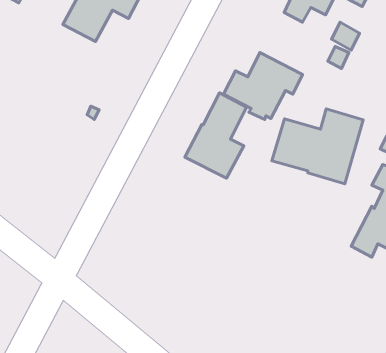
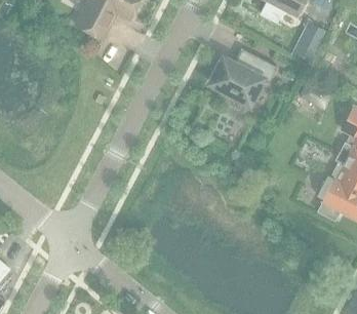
building: [185,93,247,178] -> none
building: [272,109,363,184] -> none

